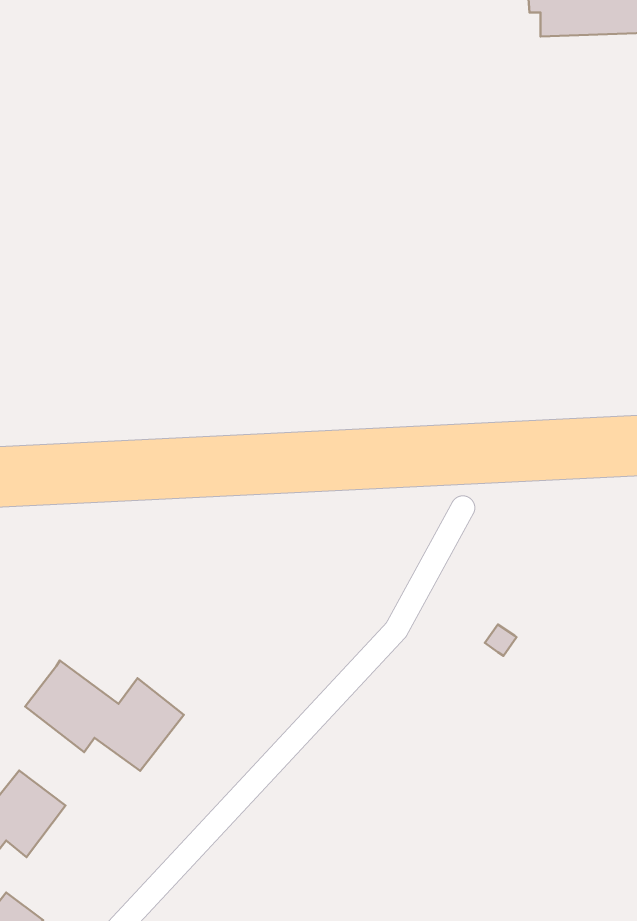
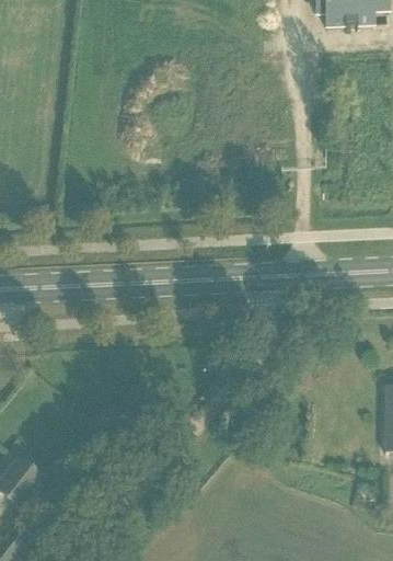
building: [25,660,184,771] -> none

